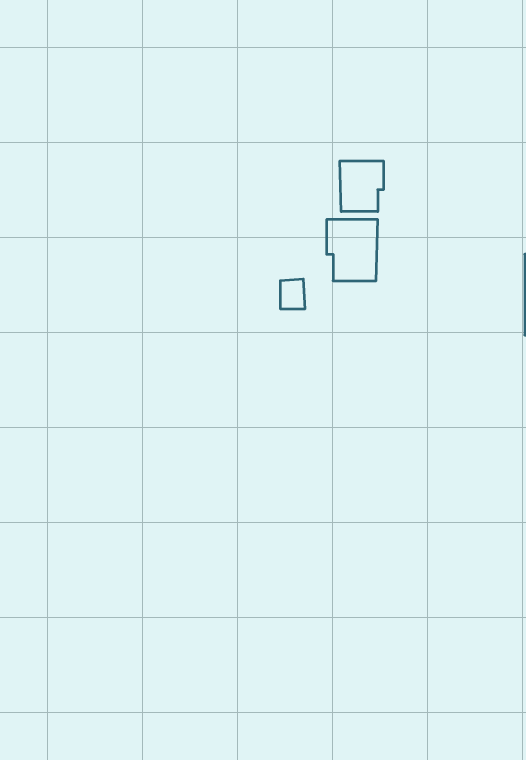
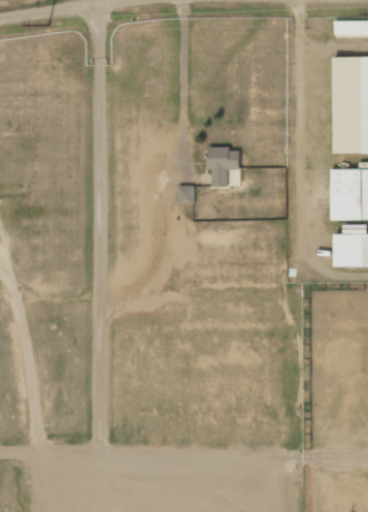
building: [340,161,383,212] -> none

